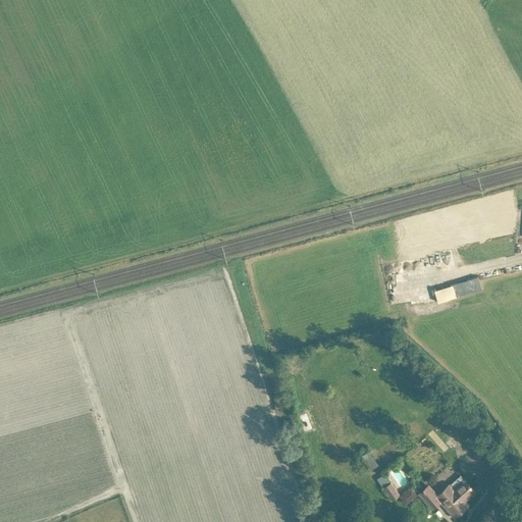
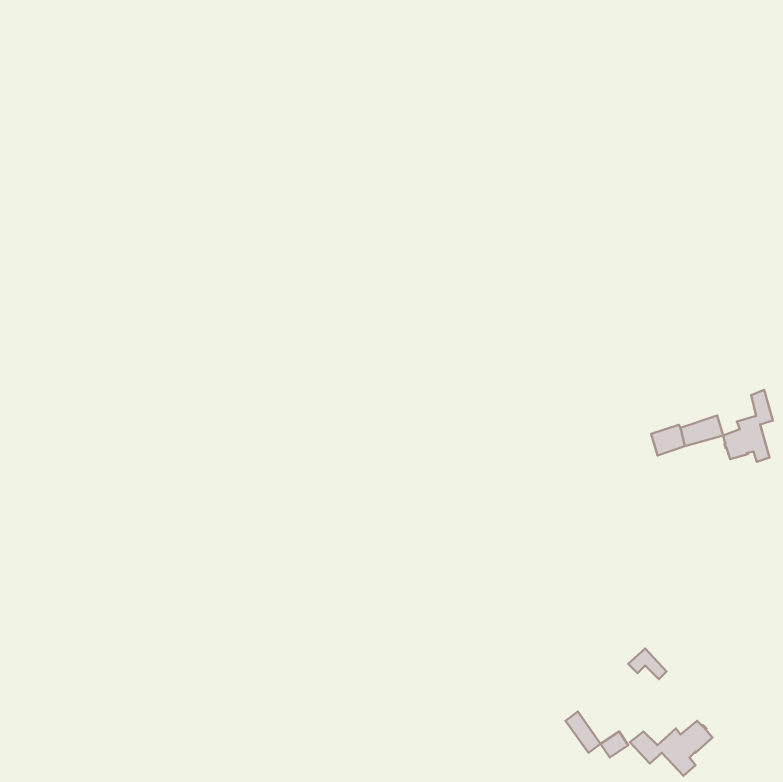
building: none -> [723,390,773,462]

